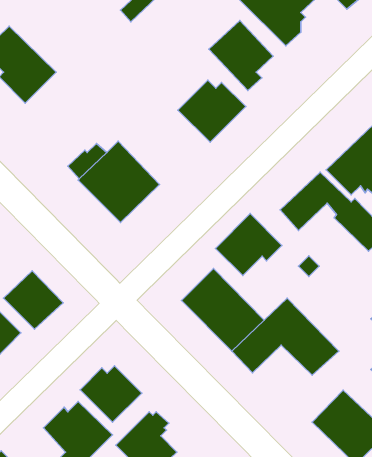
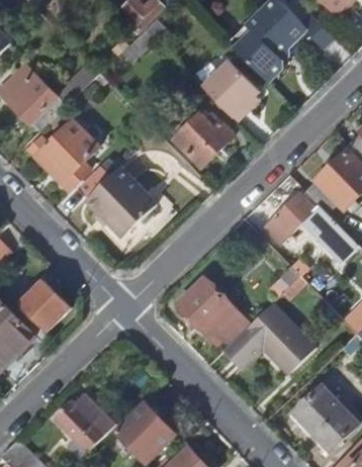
building: none -> [27,120,98,190]
building: [216,213,282,276] -> none
building: [80,366,142,422] -> none

